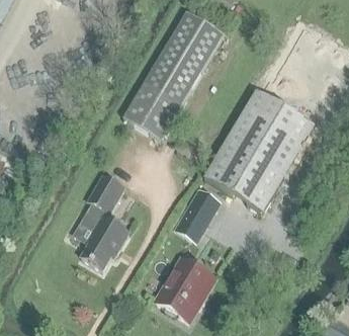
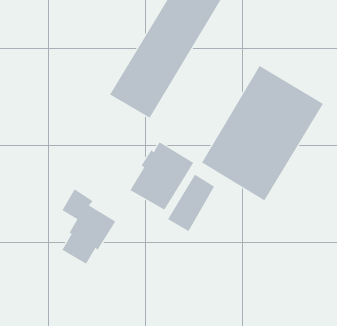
building: [89,174,124,212] -> none
building: [158,257,215,319] -> [130,141,194,210]

